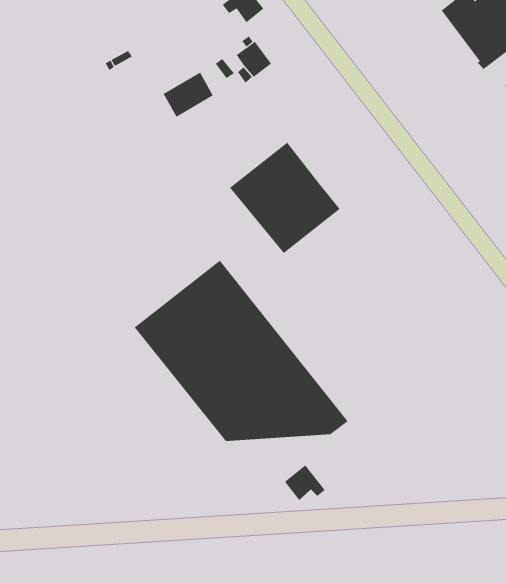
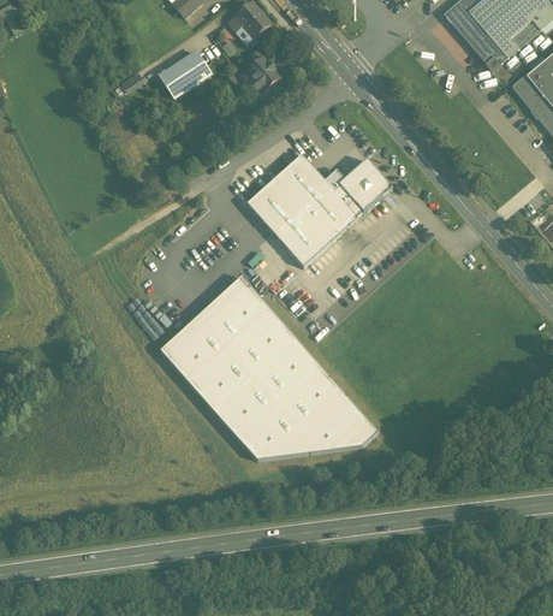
building: [163,72,214,117] -> [160,51,210,97]
building: none -> [334,159,392,215]
building: [284,465,325,501] -> none

